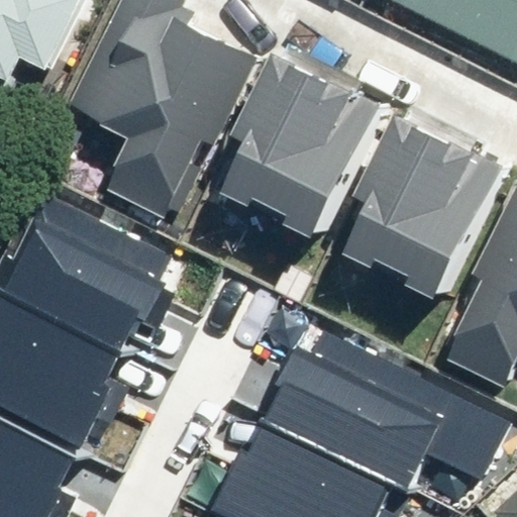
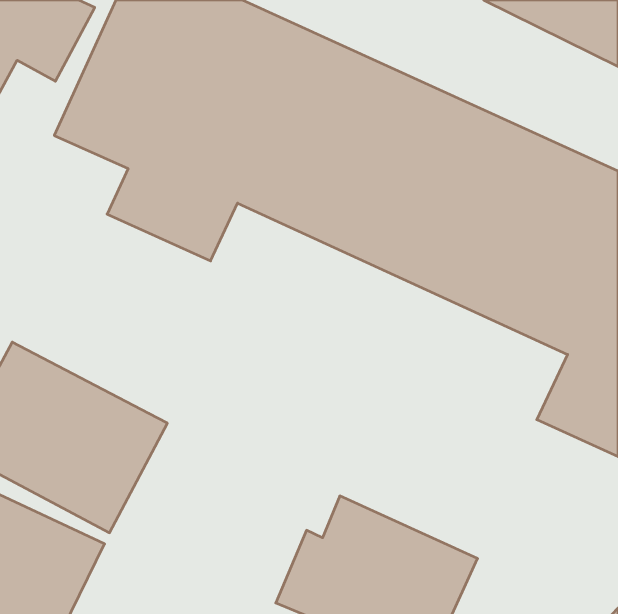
building: [10,224,169,351] -> none
building: [279,331,501,484] -> none

